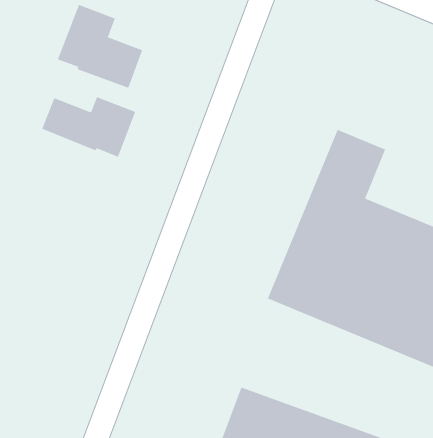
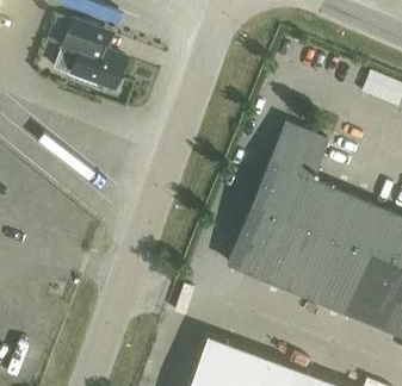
building: [41,96,136,158] -> none

